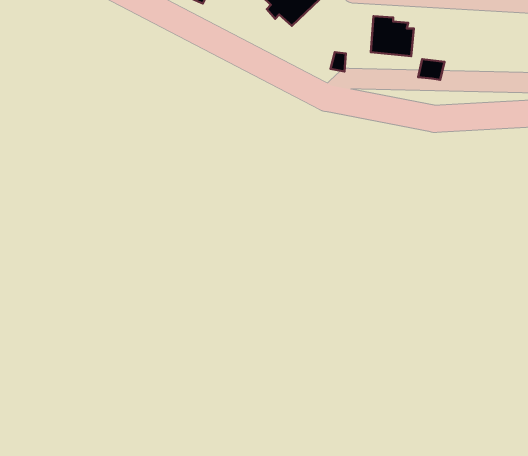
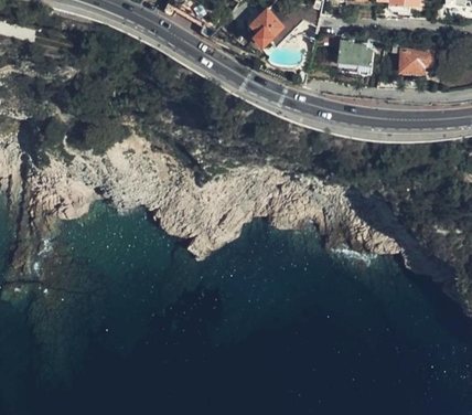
building: none -> [394,45,432,71]

